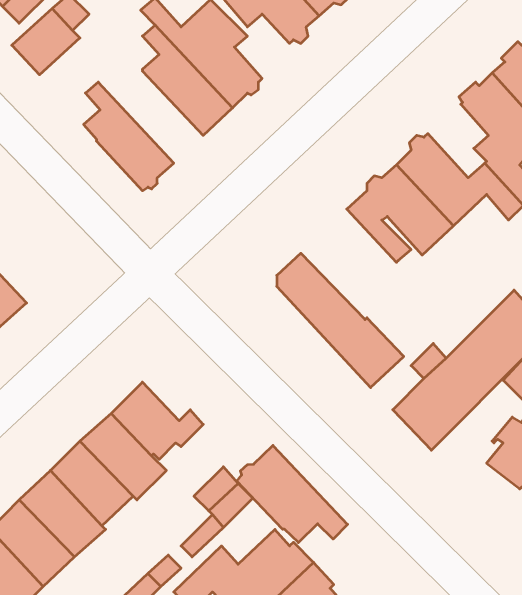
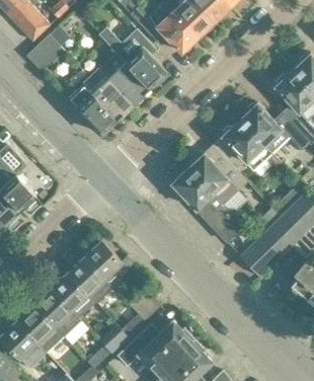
building: none -> [76,68,134,120]
building: none -> [187,145,249,206]
building: [237,445,348,543] -> none

